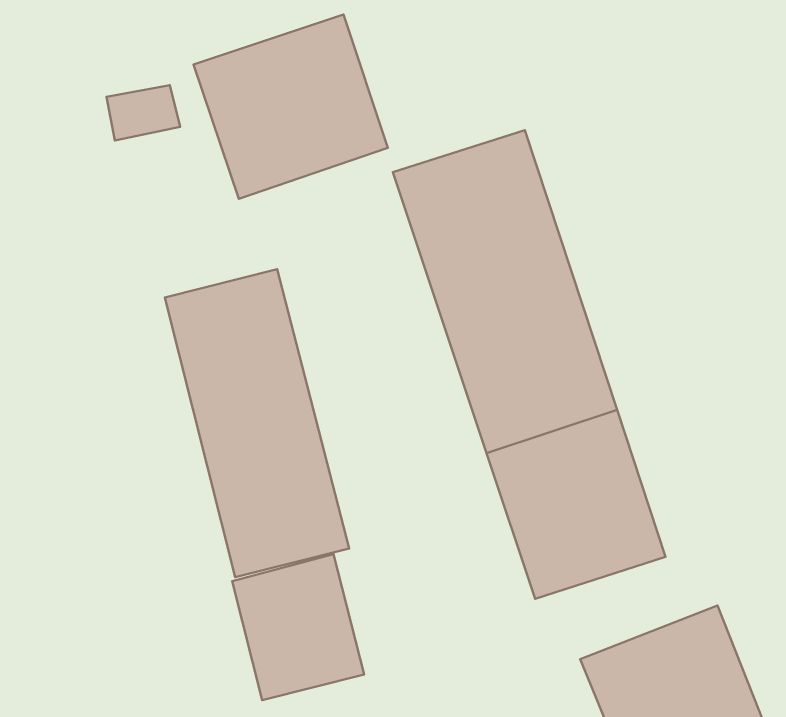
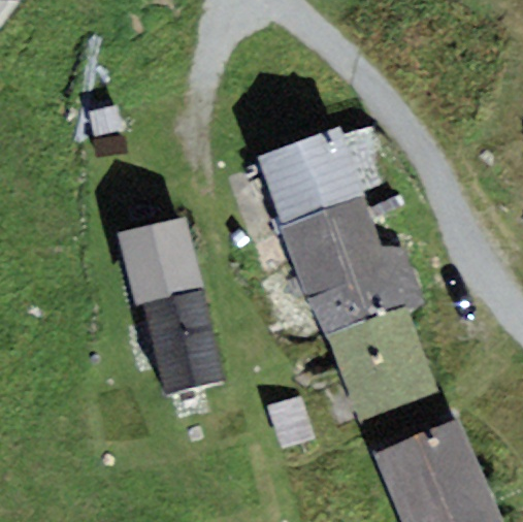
building: [193,15,388,199] -> none
building: [232,554,364,700] -> none

